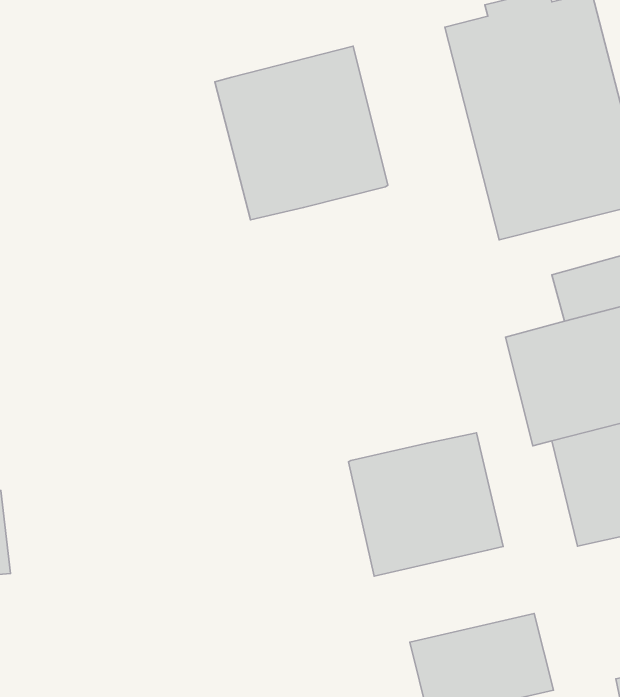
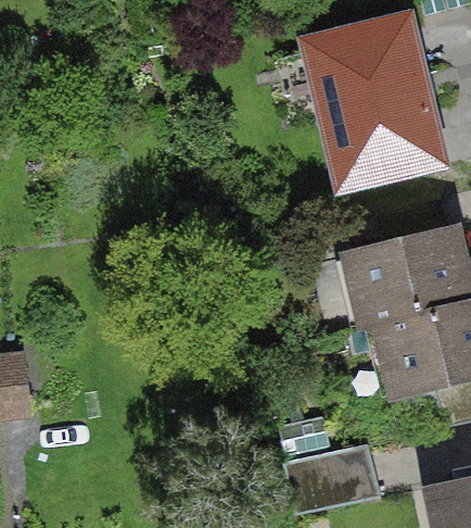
building: [215,46,388,220] -> none
building: [349,433,503,576] -> none

